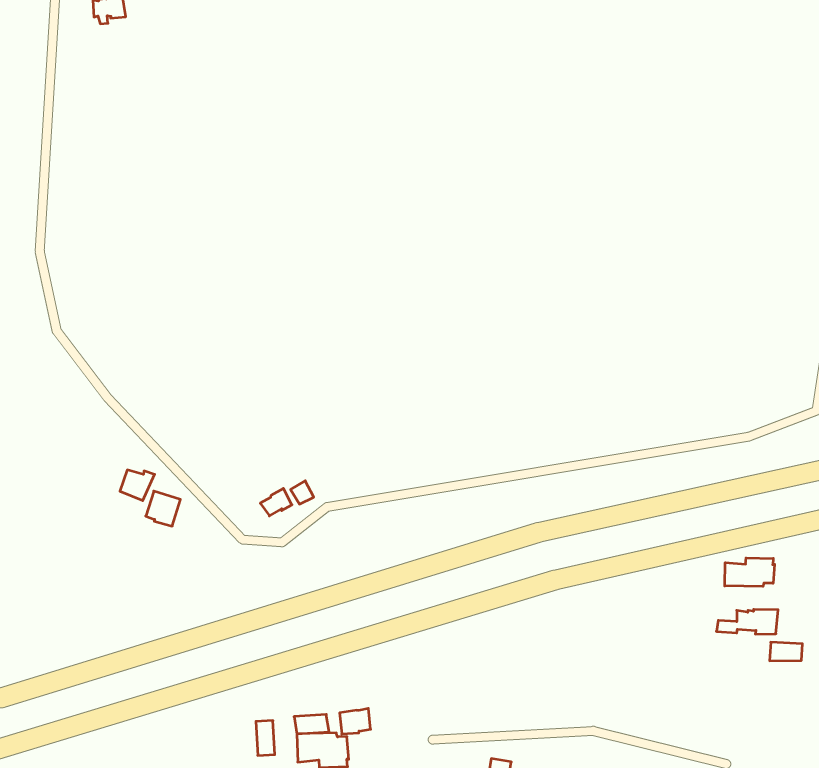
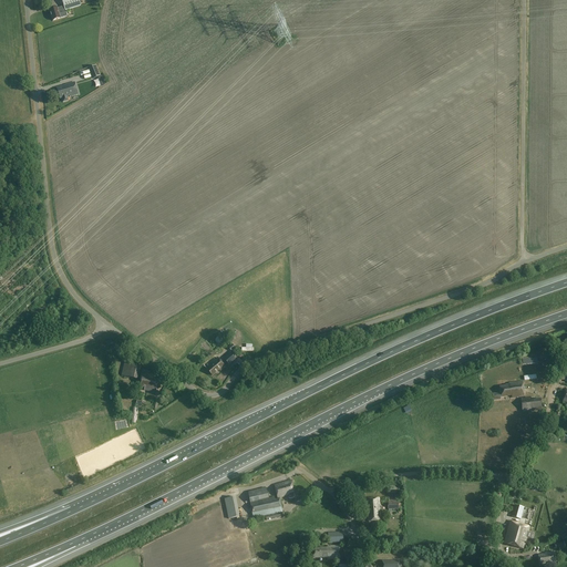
building: [725,558,775,586] -> none

